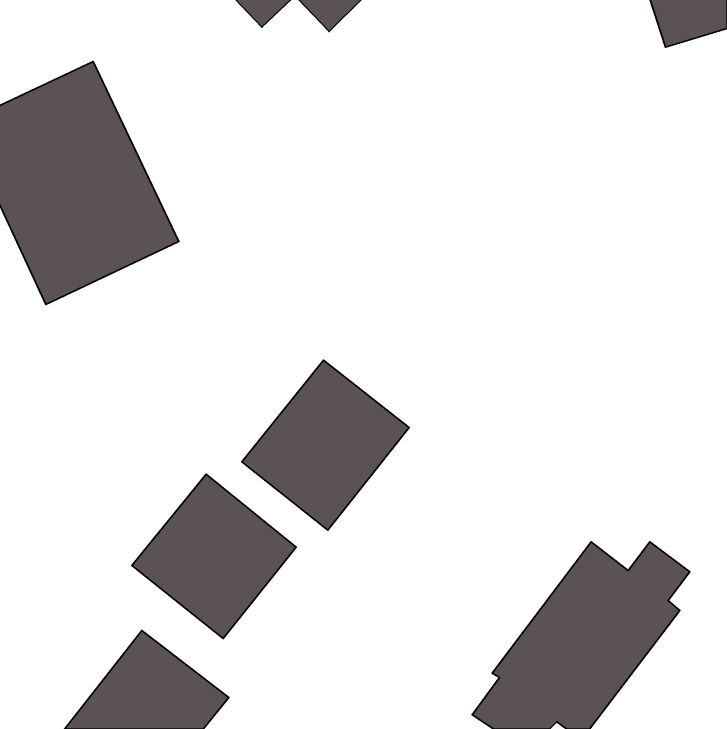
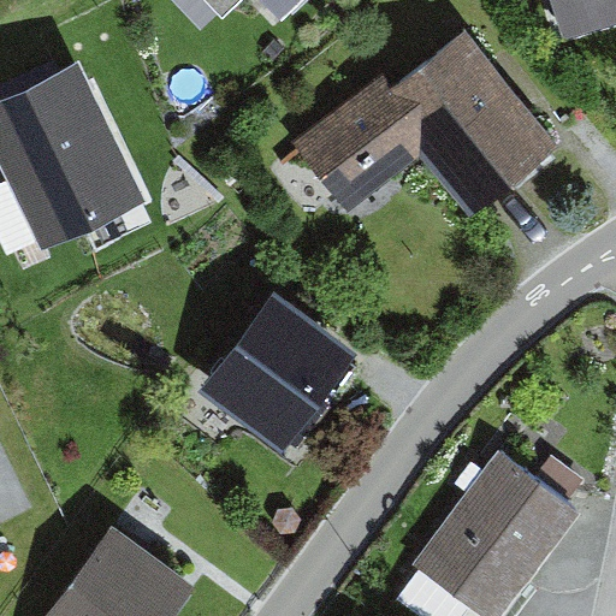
building: none -> [294,32,555,217]
building: [132,474,296,639] -> none

